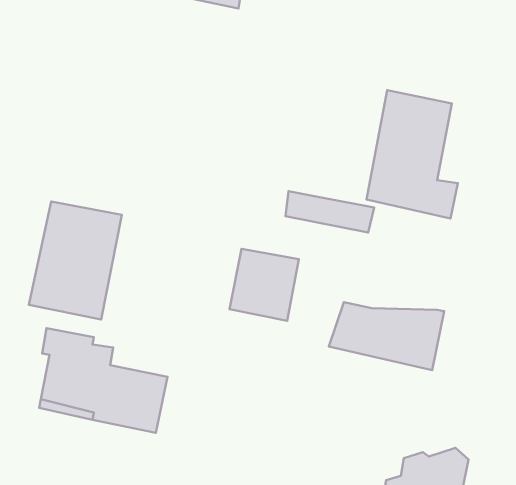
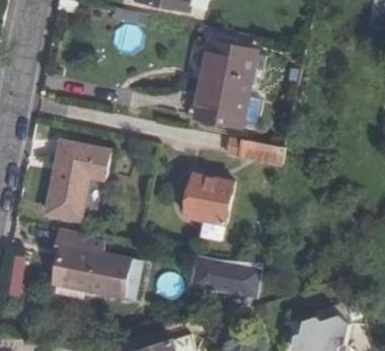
building: [366,90,458,219] -> [196,41,258,129]
building: [329,302,444,370] -> [184,256,263,302]

